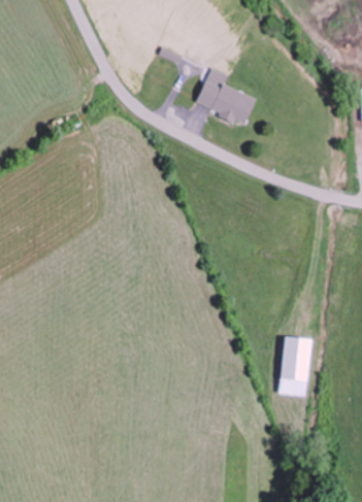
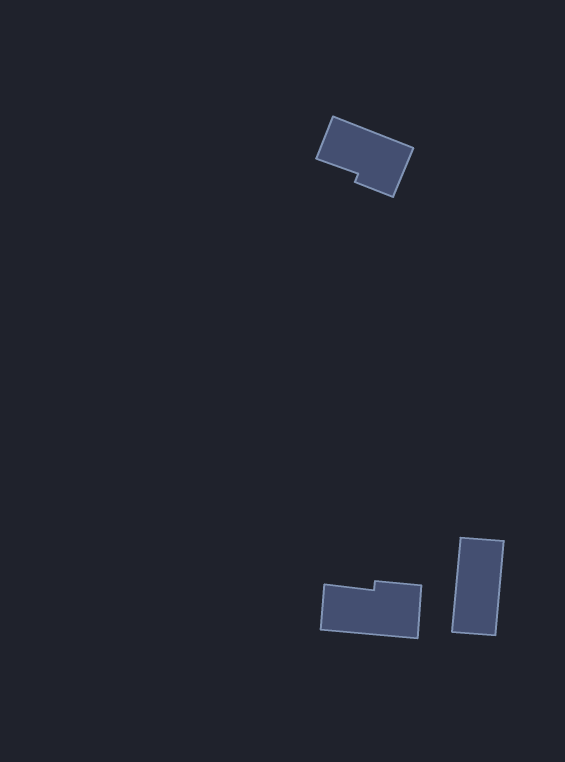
building: none -> [321,581,421,638]

